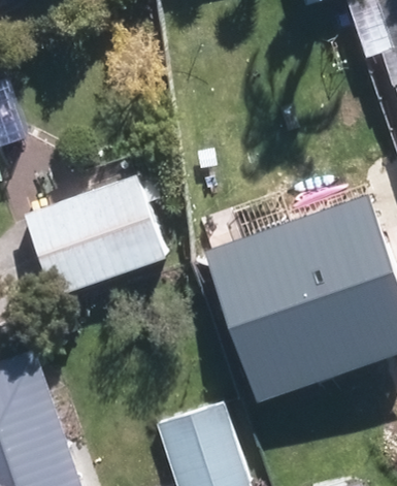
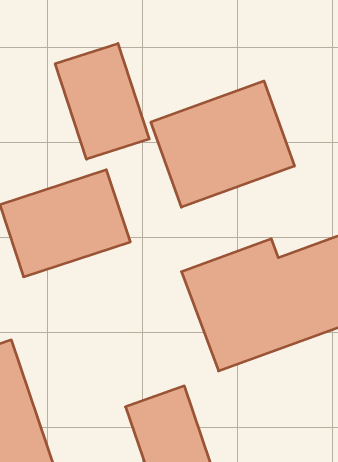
building: none -> [55,43,149,159]
building: none -> [151,81,294,207]

